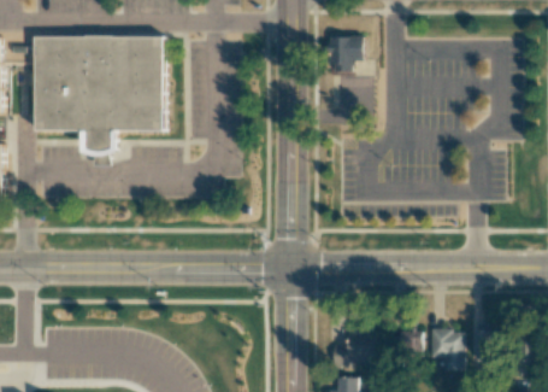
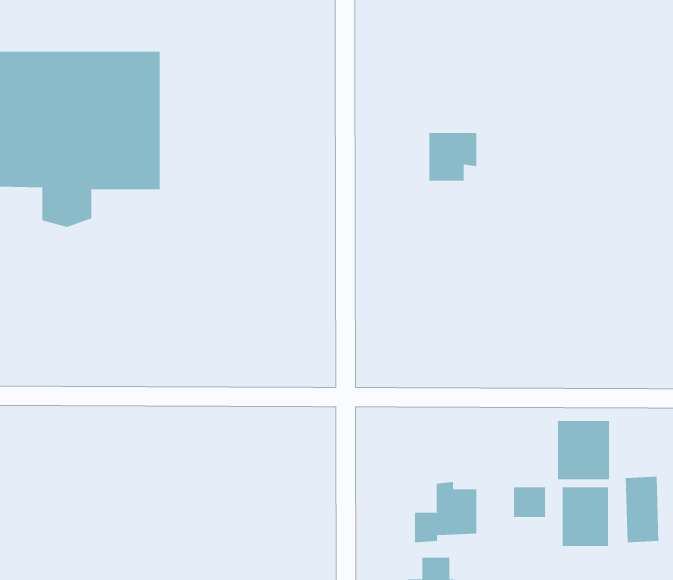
building: [326,35,359,68] -> [429,132,477,181]
building: none -> [558,420,610,480]

